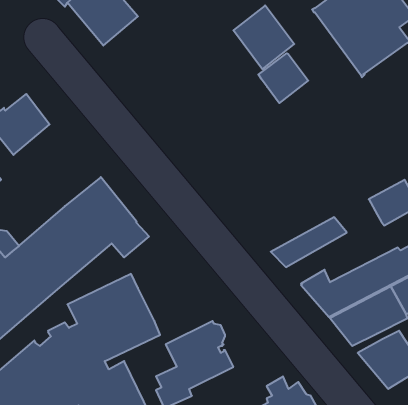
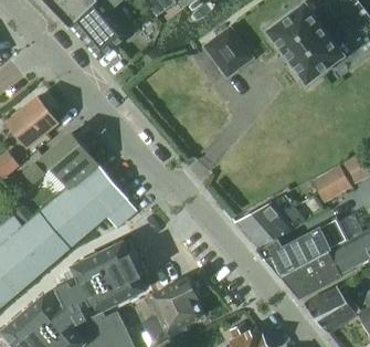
building: [258,53,308,103] -> none
building: none -> [23,133,97,187]
building: none -> [245,208,306,250]

